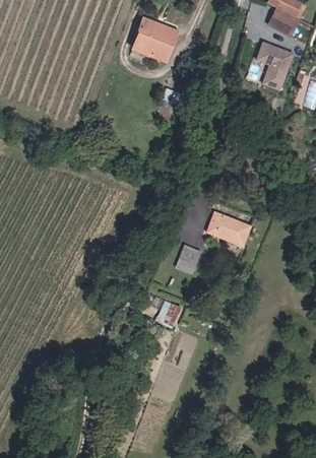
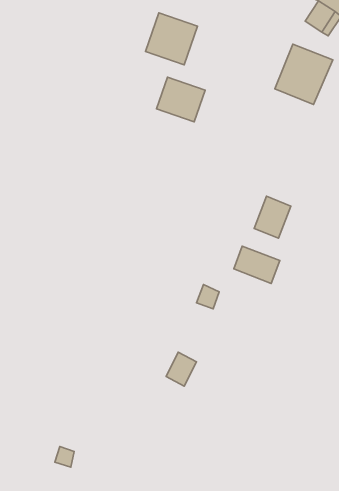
building: none -> [157,77,205,122]
building: none -> [254,196,291,238]

